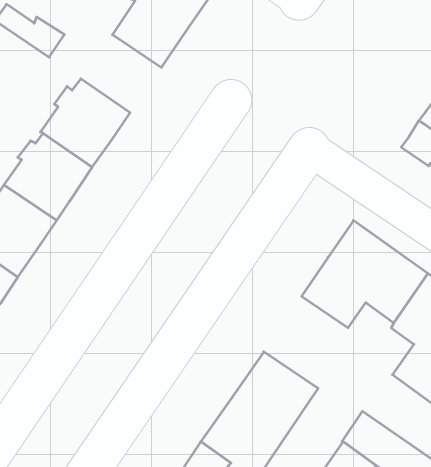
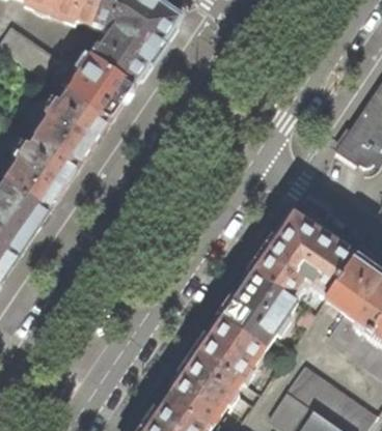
building: none -> [67,53,135,119]
building: none -> [219,269,295,345]

